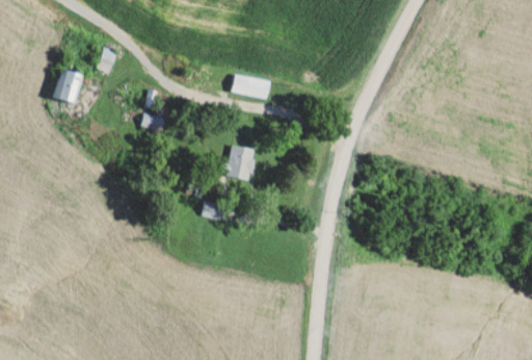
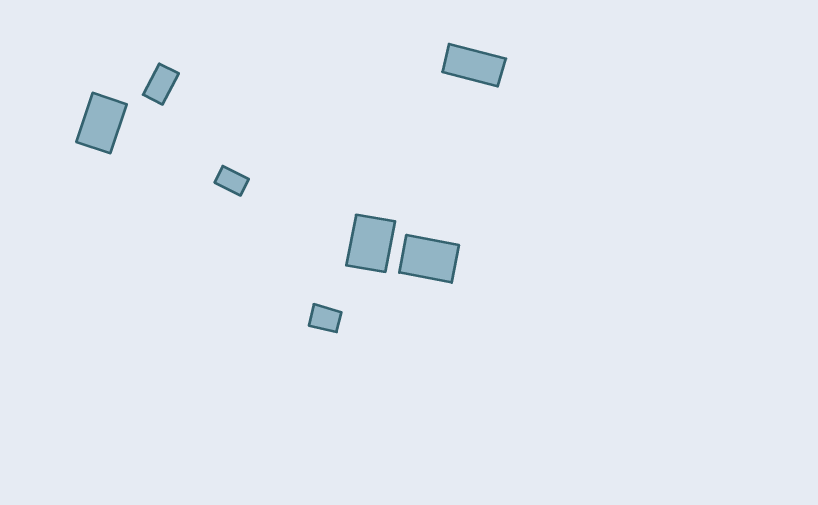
building: [231,73,271,100] -> [442,44,506,86]
building: none -> [399,235,459,283]

